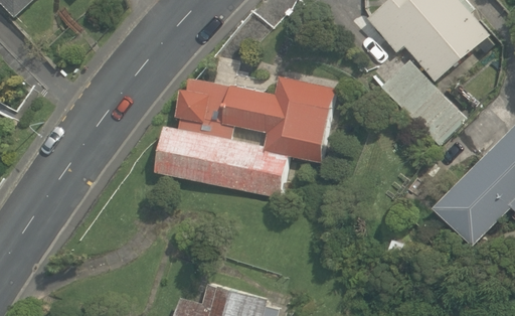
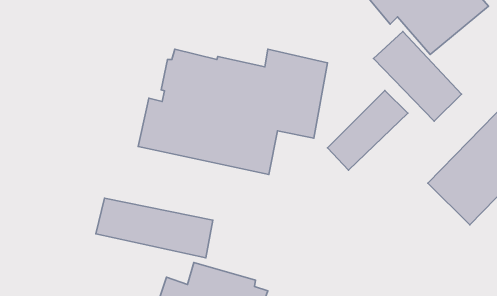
building: none -> [328,91,408,170]
building: none -> [96,198,213,258]

